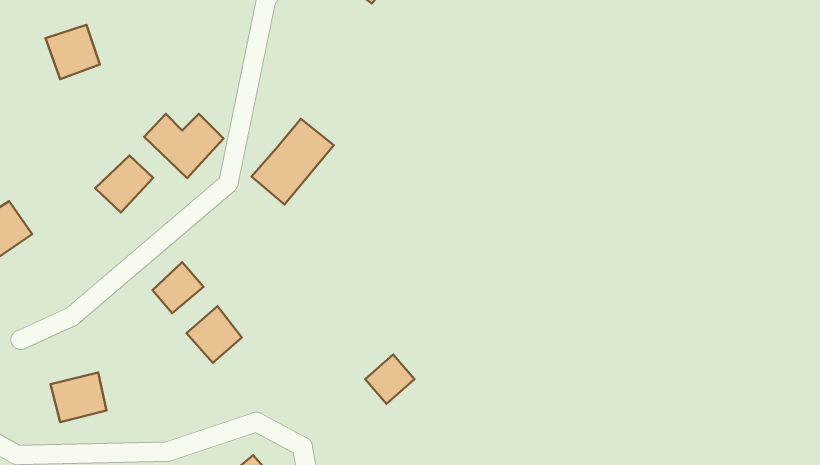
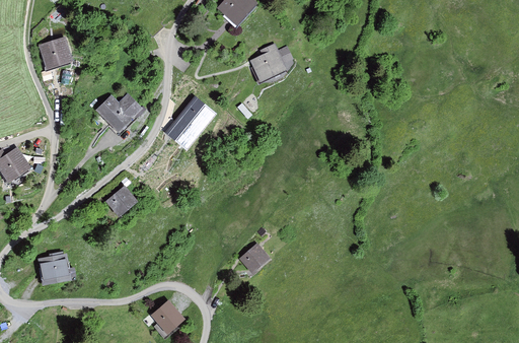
building: none -> [249,44,290,82]
building: [95,155,153,213] -> none
building: [186,306,242,363] -> none

